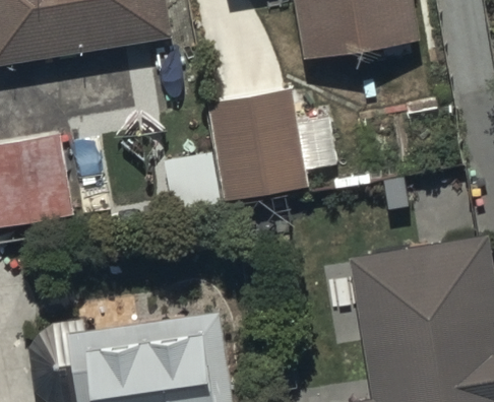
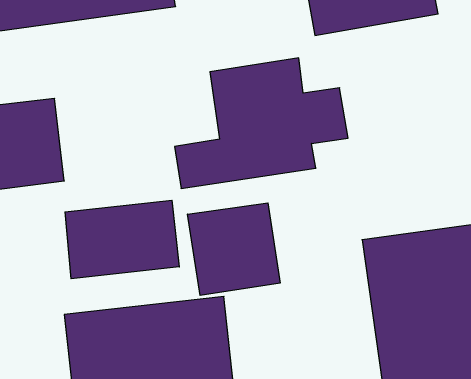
building: none -> [65,200,179,279]
building: none -> [188,203,280,295]

